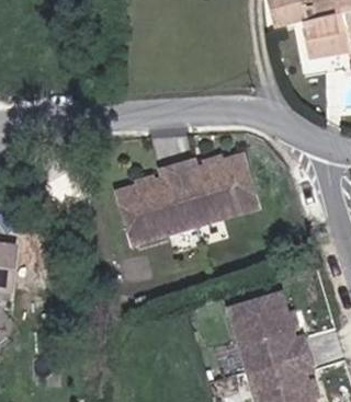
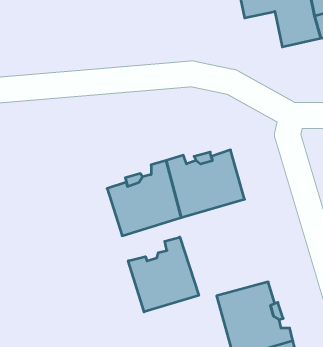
building: none -> [128,237,199,312]

